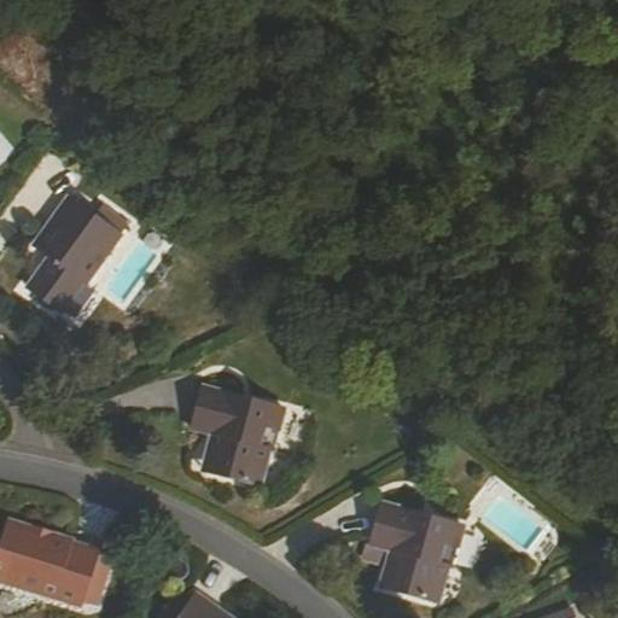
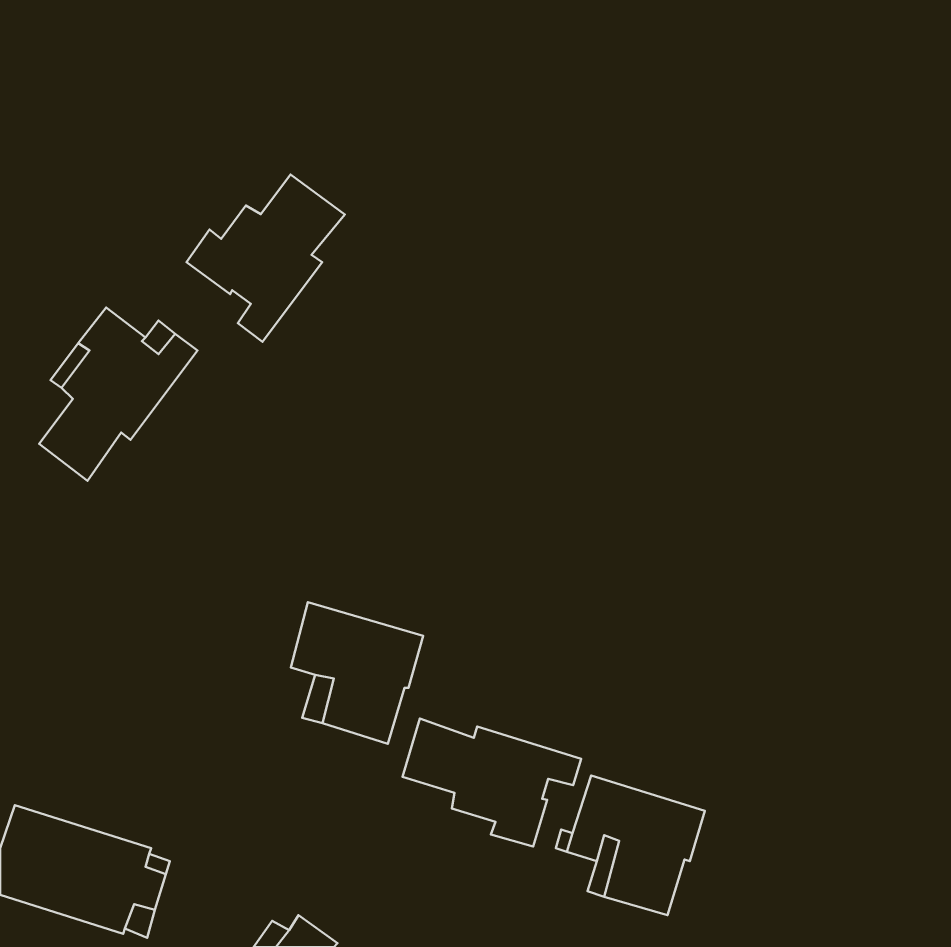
building: none -> [187,175,345,342]
building: none -> [402,719,581,846]

